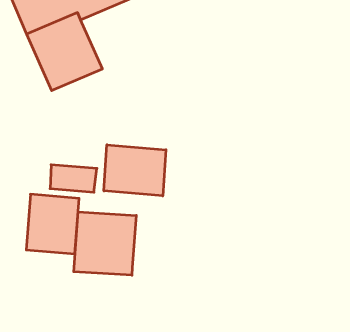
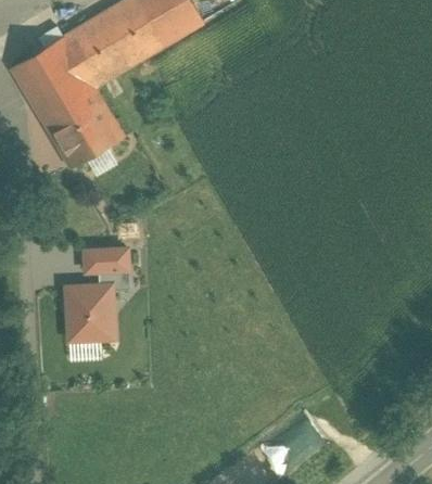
building: [104,145,166,196] -> none
building: [74,212,136,275] -> none

